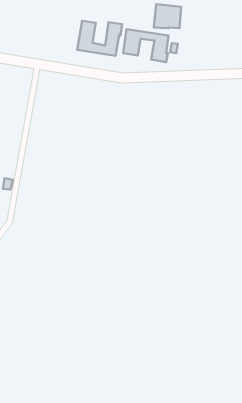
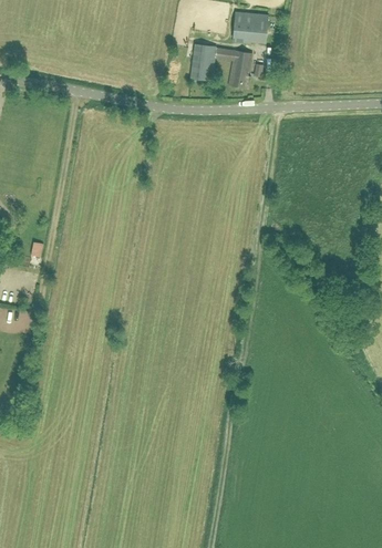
building: [77,21,122,56] -> none

